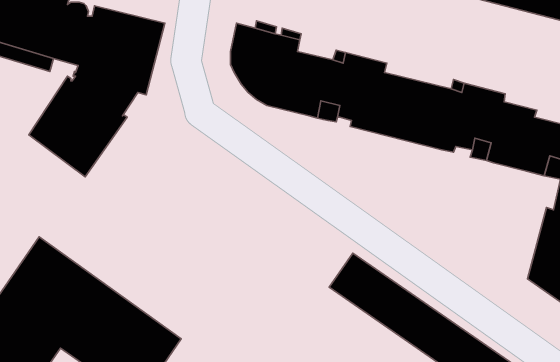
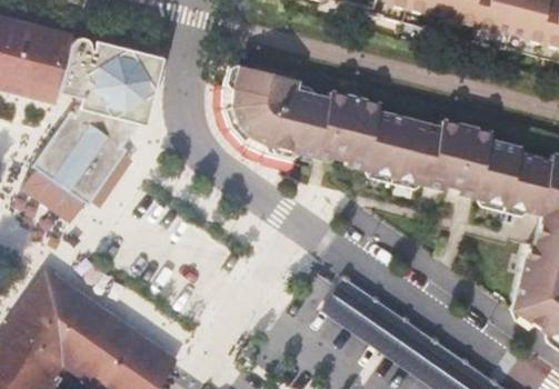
building: none -> [17,167,88,228]

